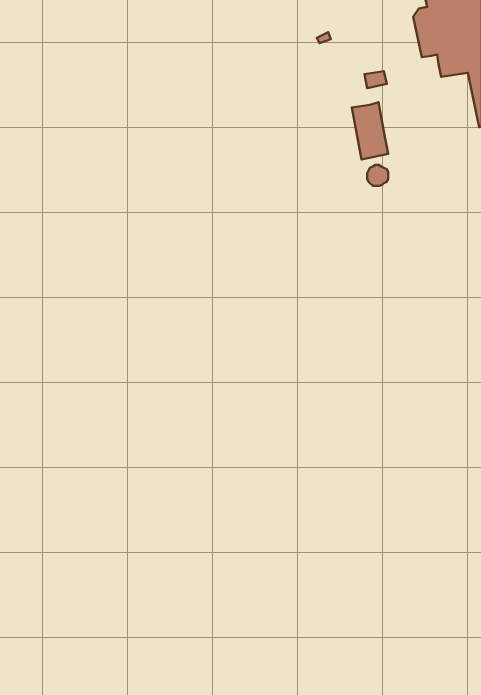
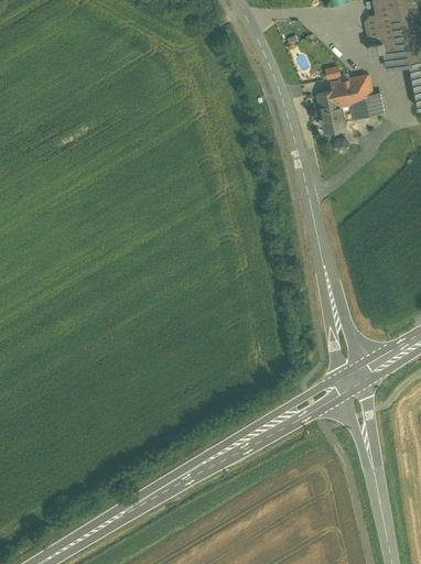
building: none -> [330,73,381,115]

